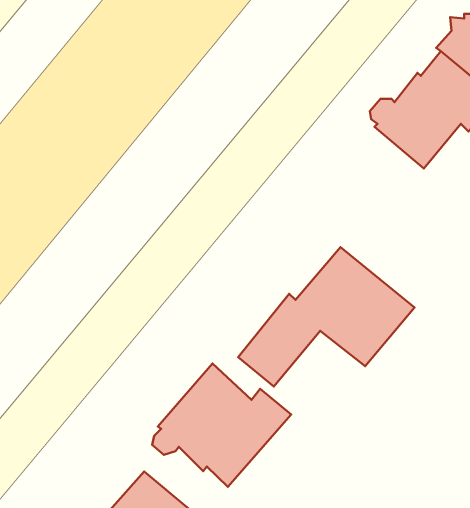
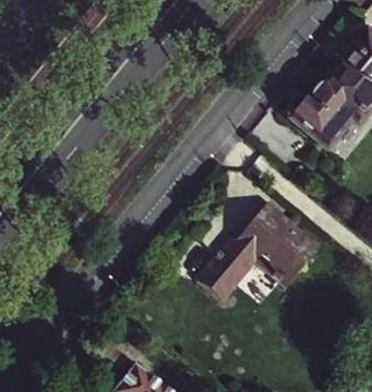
building: [152,363,291,487] -> none

